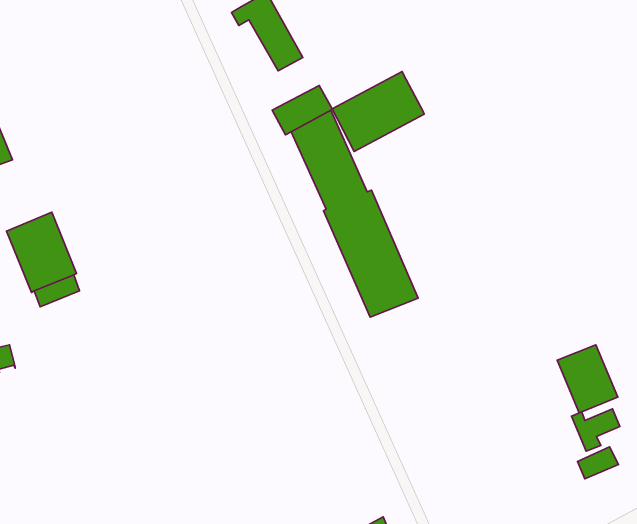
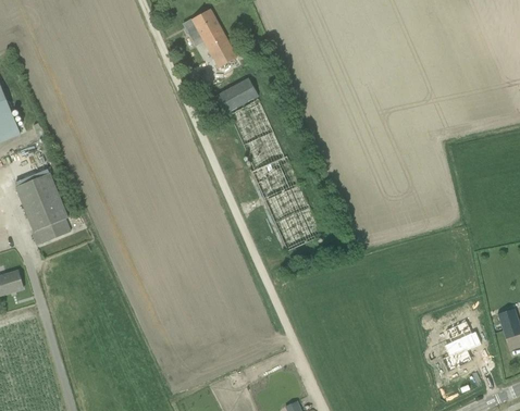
building: [332,71,424,152] -> none
building: [557,345,618,413] -> none

